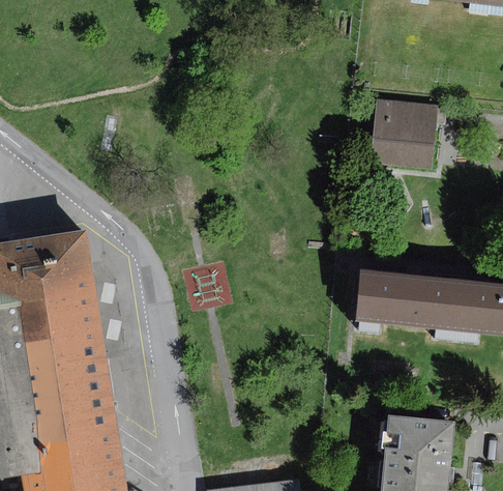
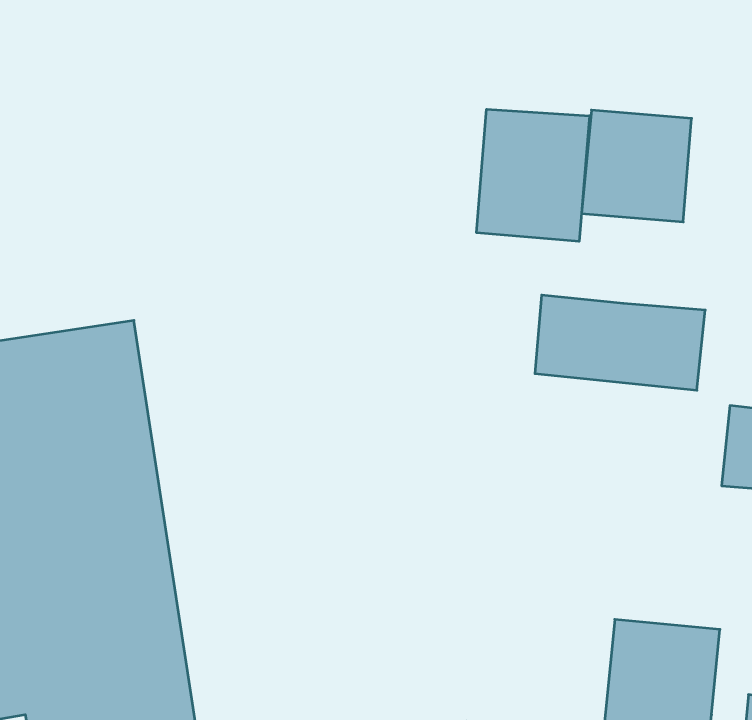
building: none -> [477,109,589,241]
building: [353,272,458,331] -> [535,295,705,390]

